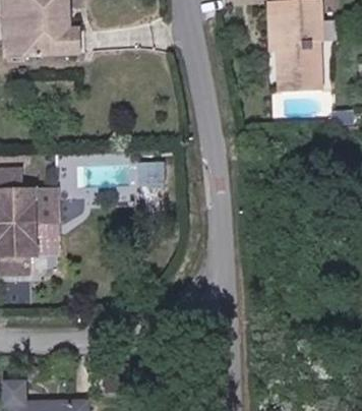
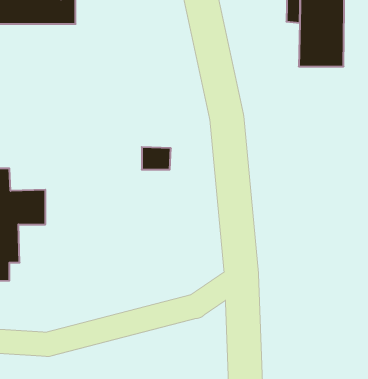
building: [27,233,52,268] -> none

